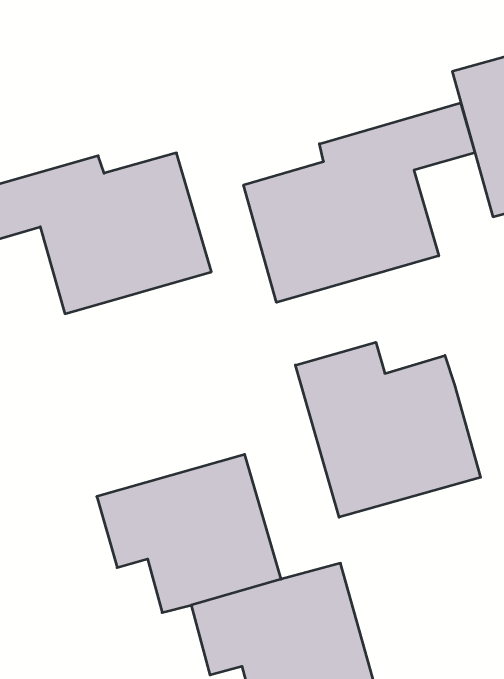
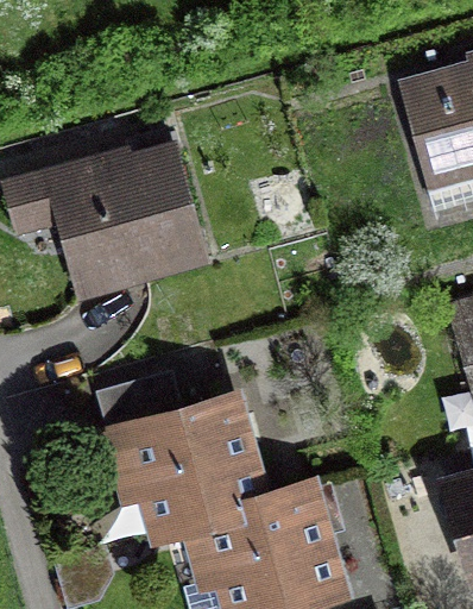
building: [244,103,475,302] -> none
building: [295,342,481,517] -> none

